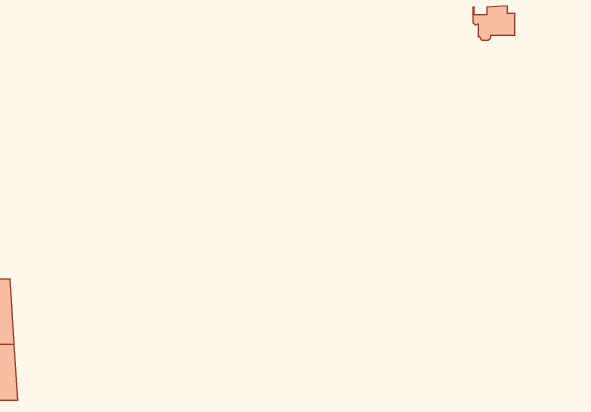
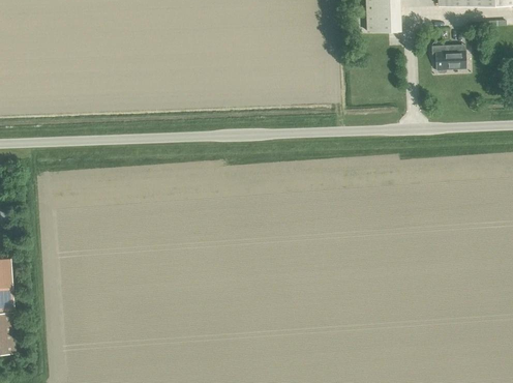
building: [473,6,515,40] -> [431,45,465,72]

